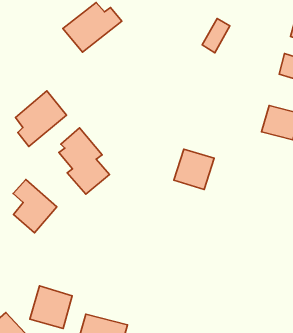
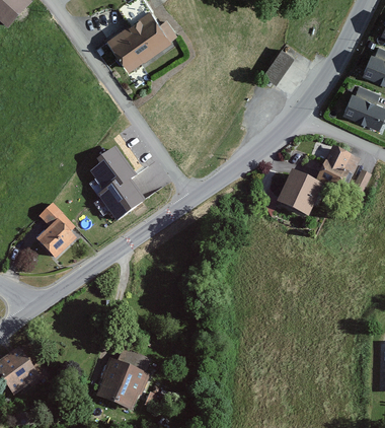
building: [15,91,66,147] -> none
building: [174,149,214,189] -> [275,172,321,219]
building: [30,286,72,329] -> none

